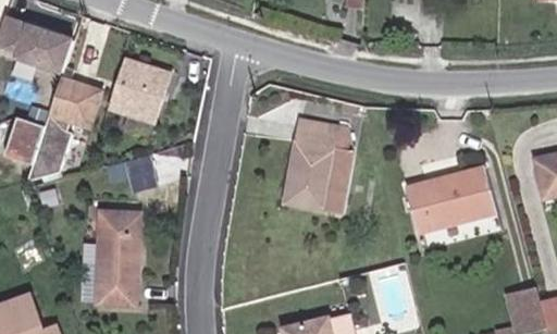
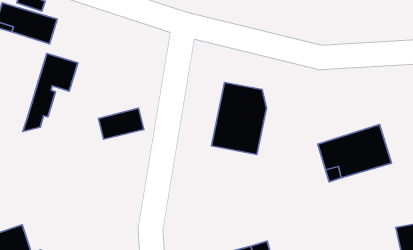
building: [112,54,174,117] -> none
building: [9,114,50,162] -> none
building: [95,208,145,298] -> none

